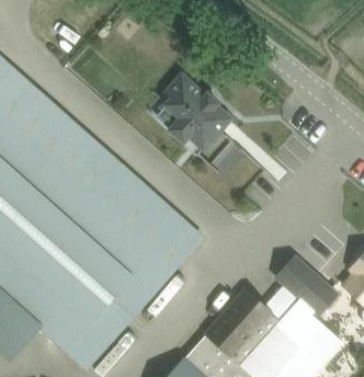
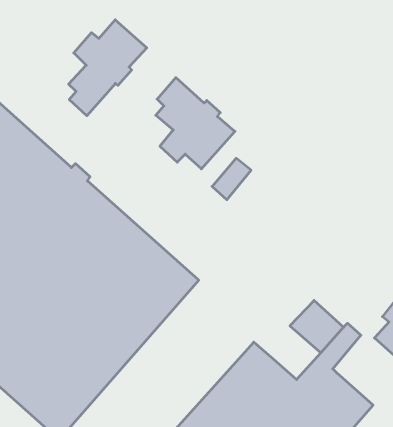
building: none -> [69,20,147,116]

